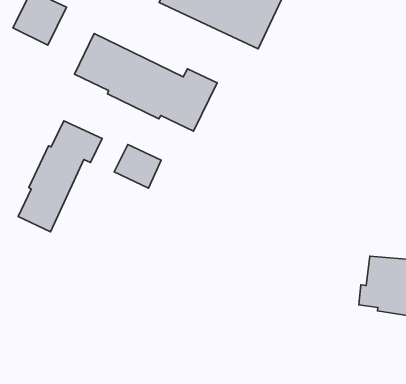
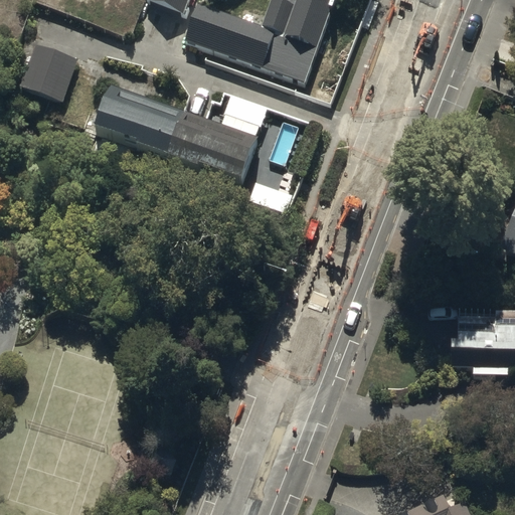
building: [18,121,102,232] -> none
building: [114,144,161,188] -> none

